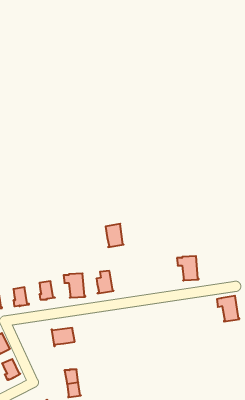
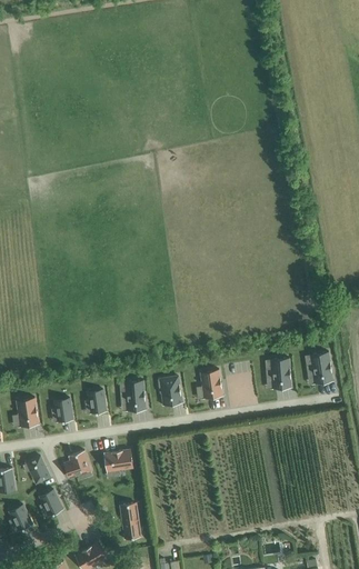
building: [106,224,124,247] -> [200,369,223,399]
building: [217,296,239,322] -> [305,351,333,385]
building: none -> [64,450,90,478]

